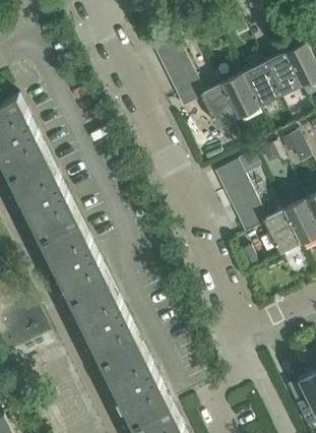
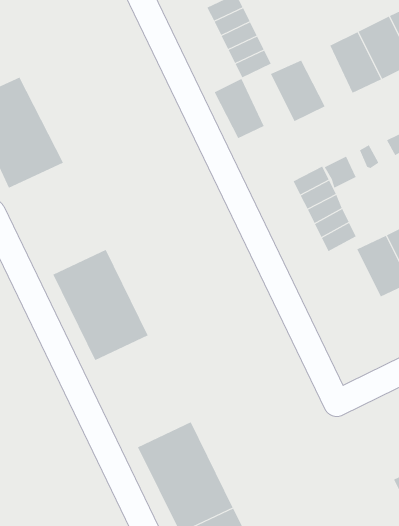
building: [218,74,255,118] -> [214,78,265,139]
building: [8,159,78,239] -> none
building: [70,283,139,363] -> none

